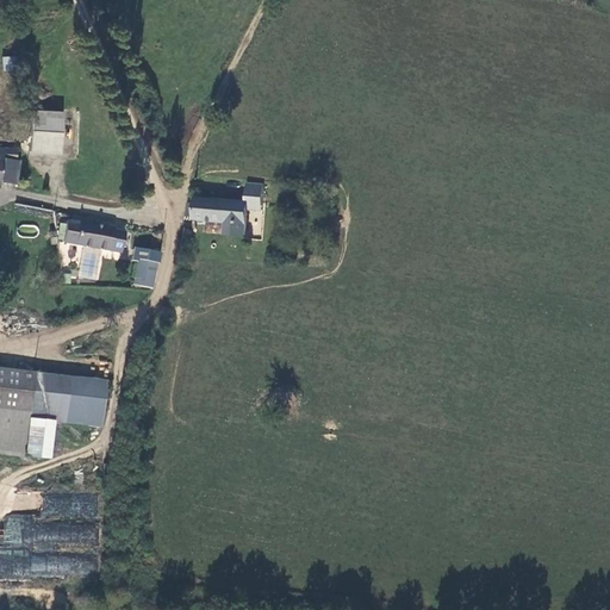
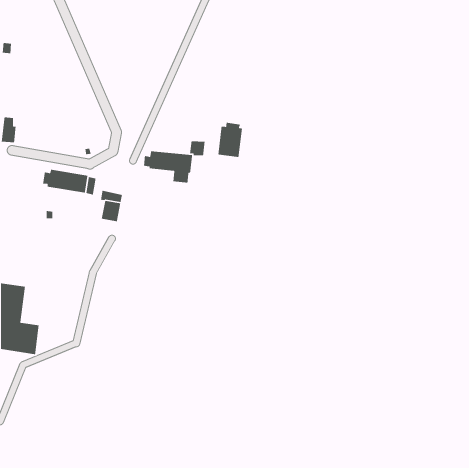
building: [30,111,63,152] -> none
building: none -> [217,122,243,158]
building: [27,372,105,429] -> none

